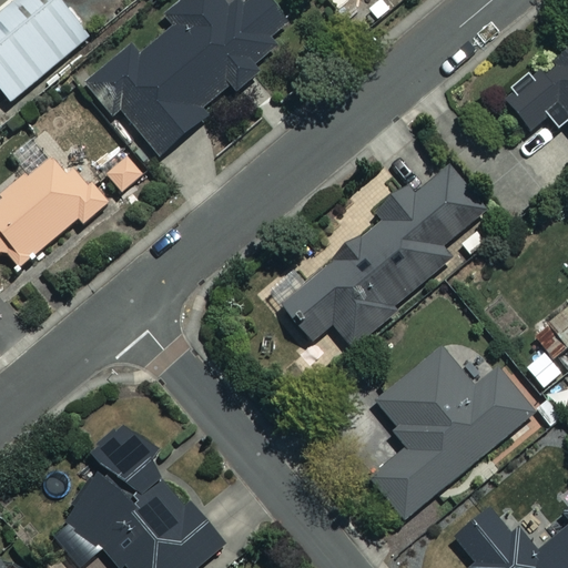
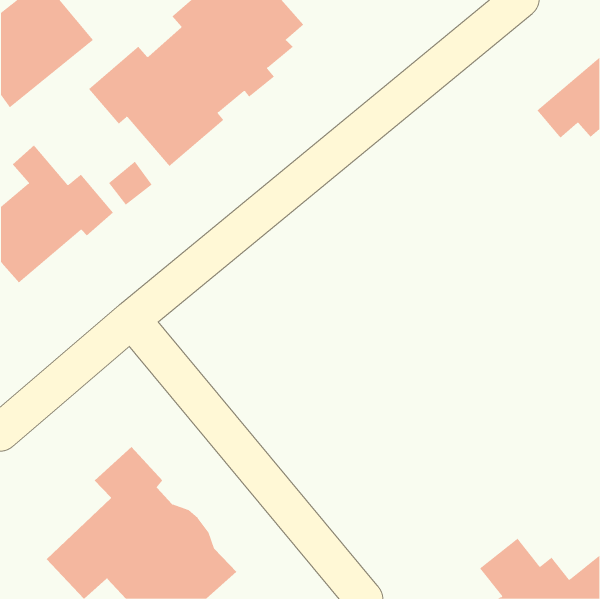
building: [280,166,484,347] -> none
building: [366,348,541,519] -> none

